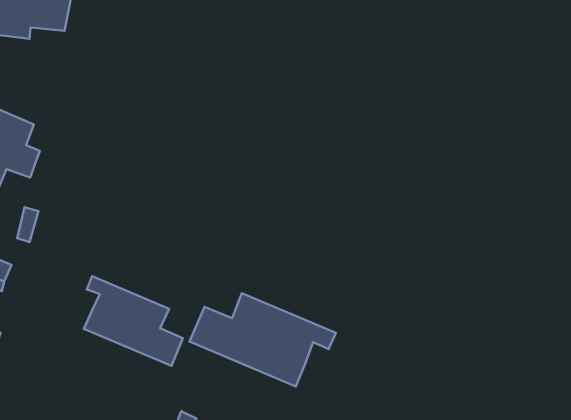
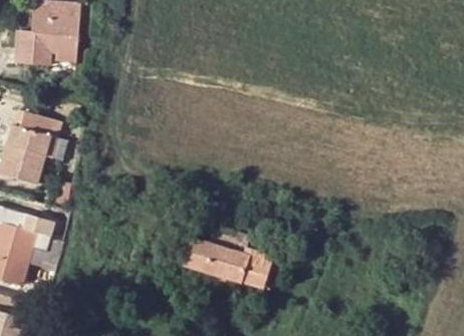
building: [84,276,183,366] -> none

